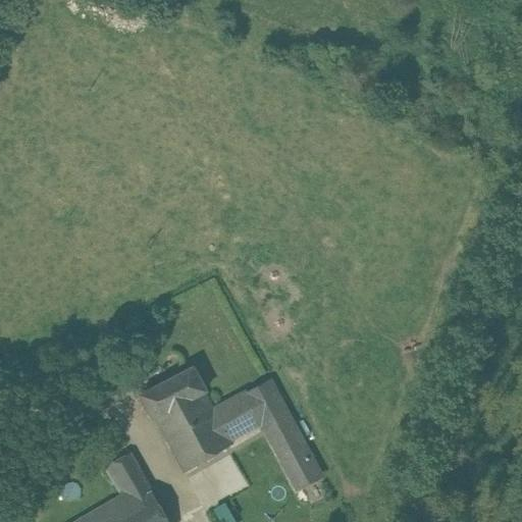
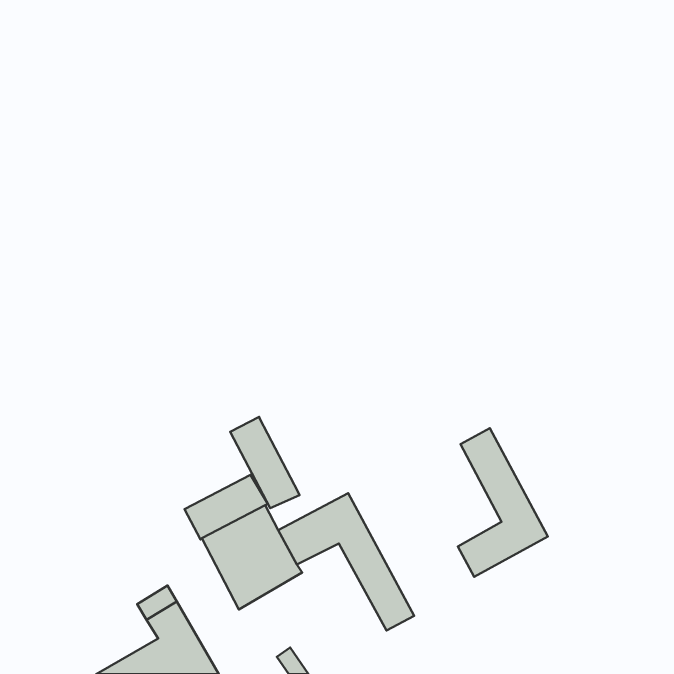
building: none -> [230,417,300,508]
building: none -> [458,428,548,577]

